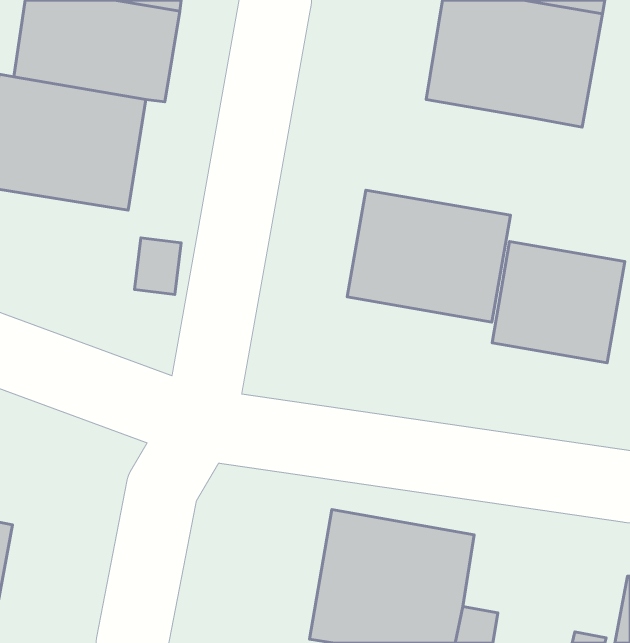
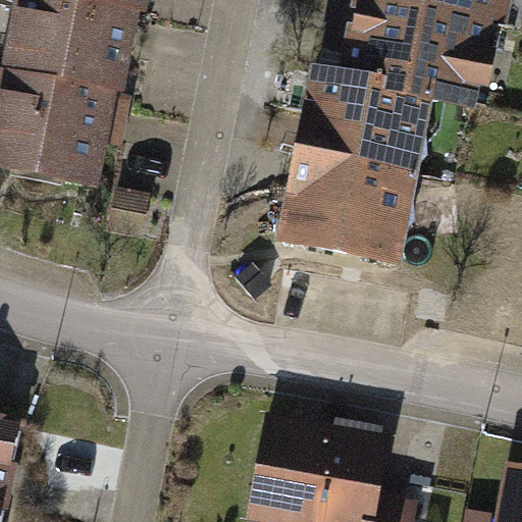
building: none -> [297,74,428,174]
building: [492,241,625,363] -> none

